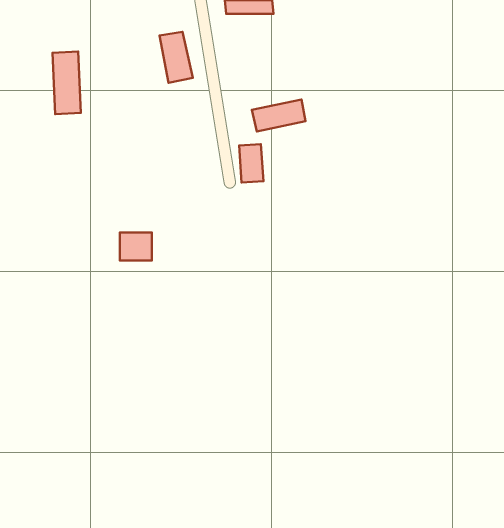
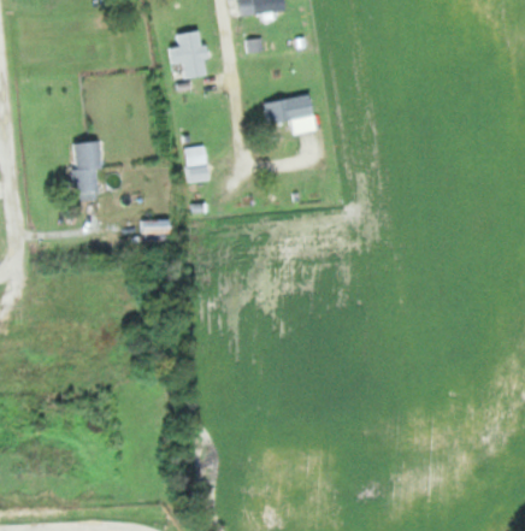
building: [53,52,81,114] -> [72,141,99,200]
building: [239,144,263,182] -> [184,144,207,181]

